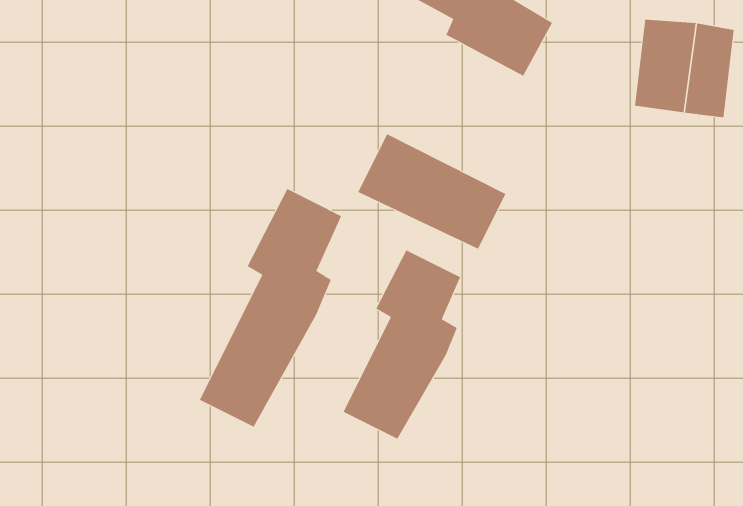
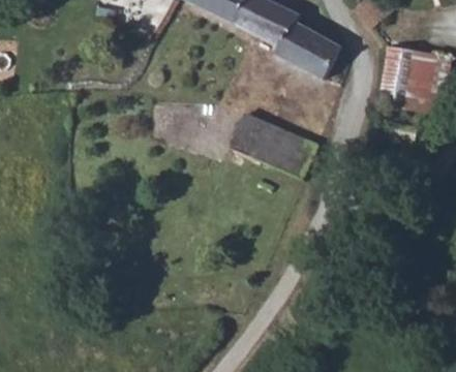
building: [199,188,342,427] -> none
building: [343,250,461,440] -> none

